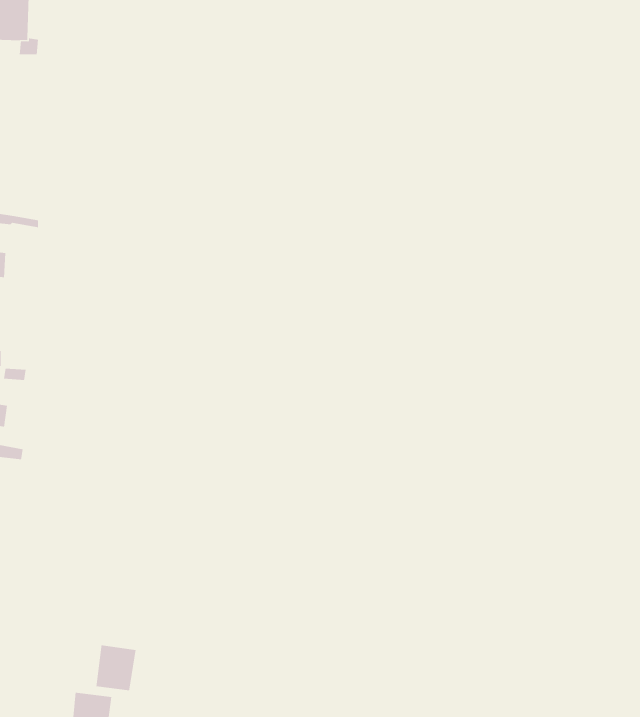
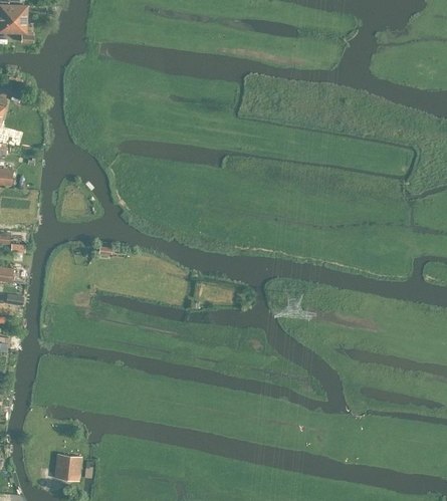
building: [96,645,136,691] -> none

